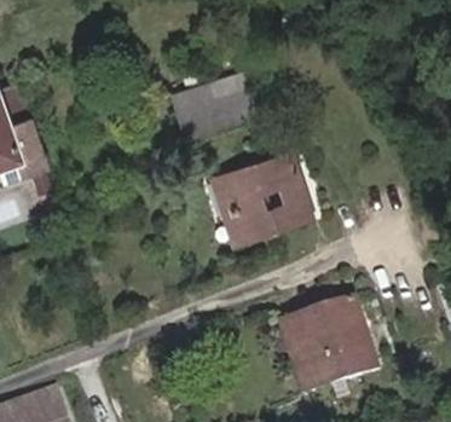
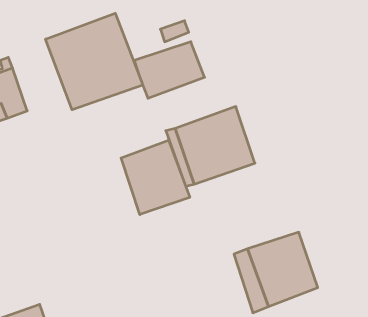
building: none -> [46,13,143,110]
building: none -> [121,140,190,215]

